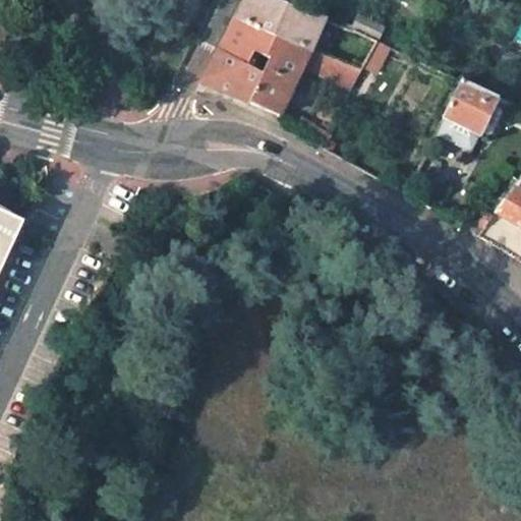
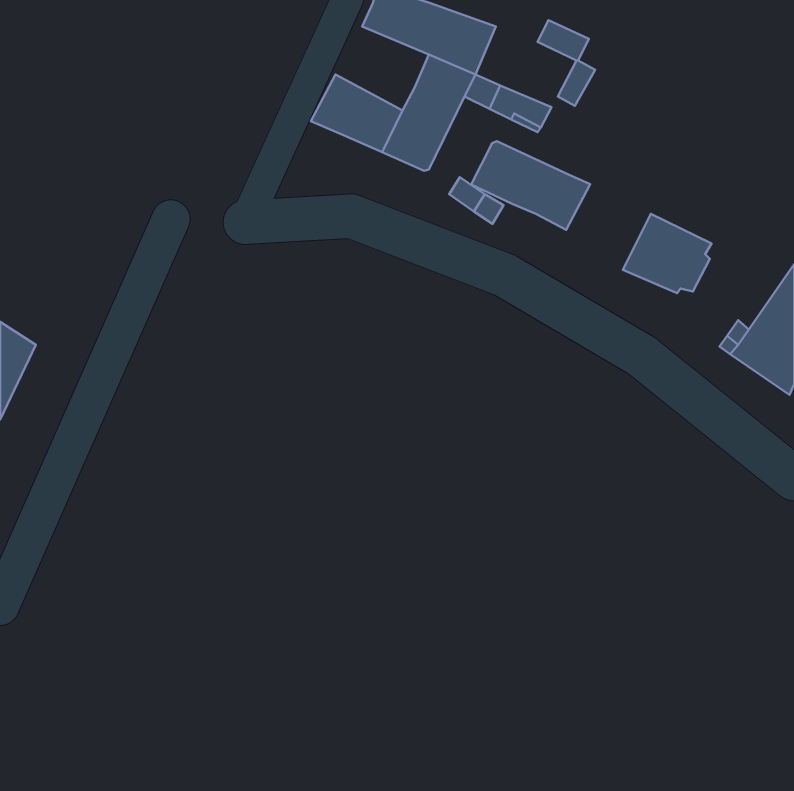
building: [220,17,281,65] -> none
building: [445,80,503,132] -> [623,214,711,293]
building: none -> [471,141,590,230]

